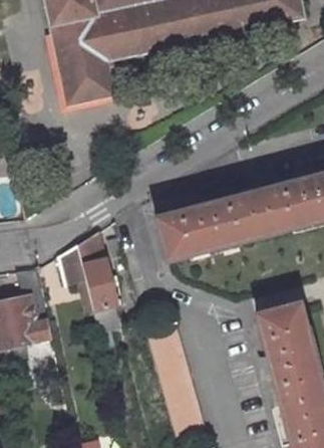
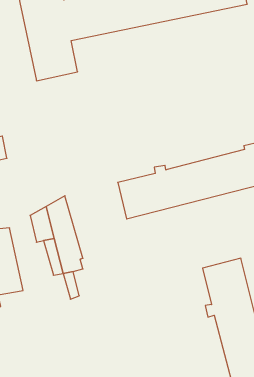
building: [146,322,201,431] -> none

